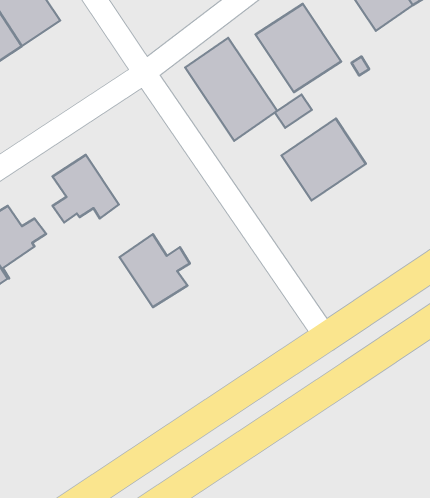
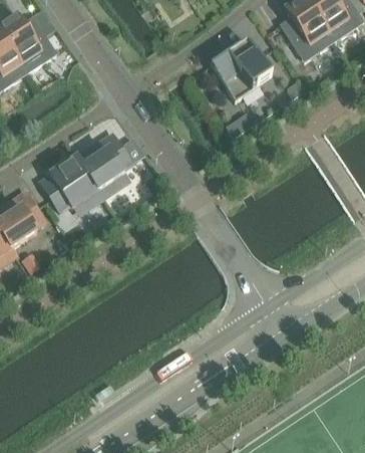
building: [185,38,277,141] -> none
building: [282,119,366,201] -> none
building: [120,234,190,307] -> [76,140,131,197]

